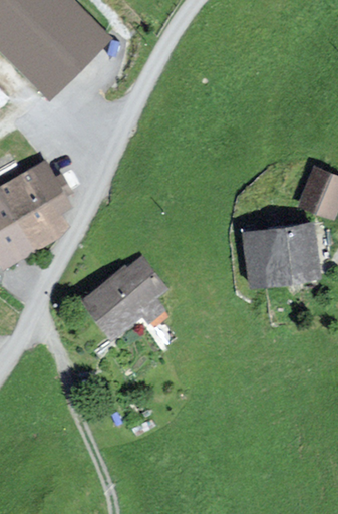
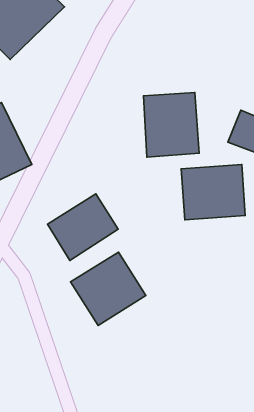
building: none -> [143,92,199,157]
building: none -> [71,252,146,325]

